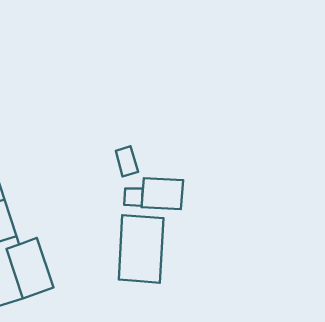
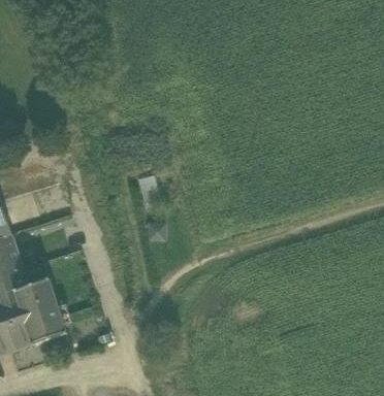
building: [142,178,183,209] -> none
building: [119,215,163,283] -> none

